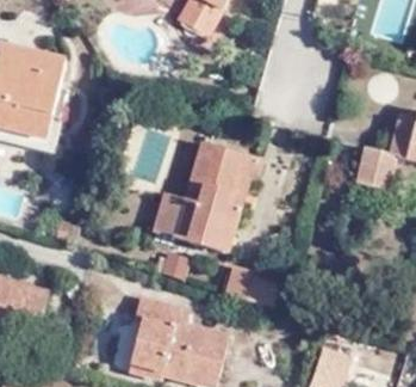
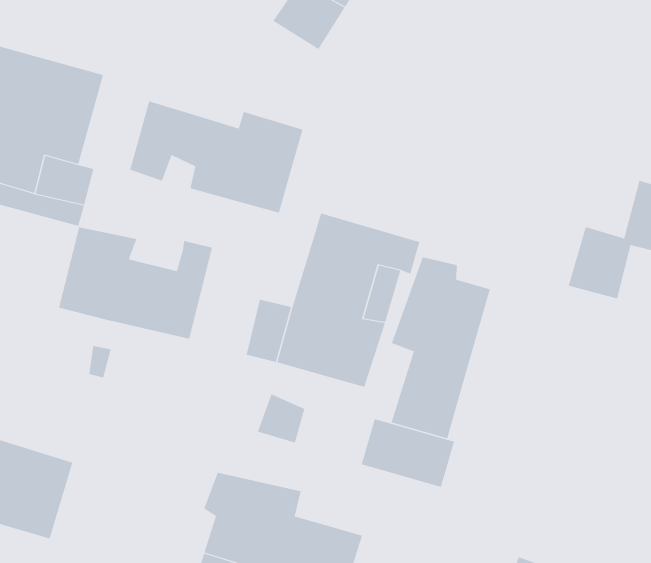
building: none -> [129,100,303,213]
building: none -> [58,226,212,340]
building: none -> [391,257,490,439]

